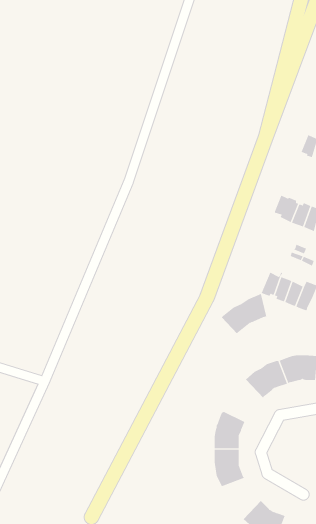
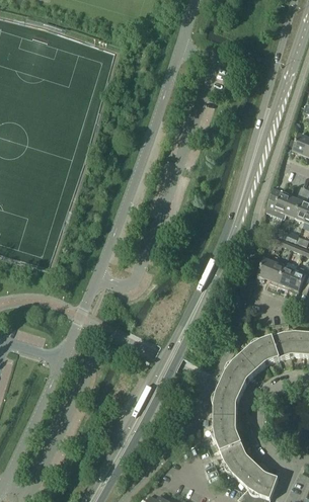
building: [221,293,267,334] -> none
building: none -> [222,354,258,393]
building: none -> [221,443,256,481]

